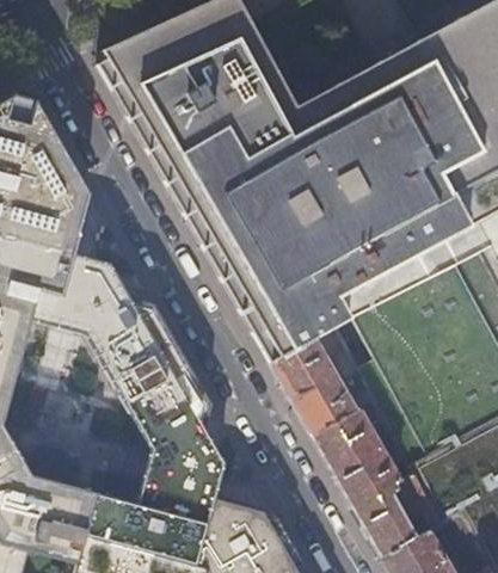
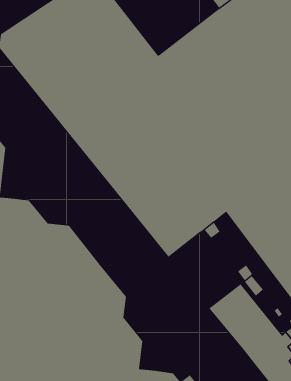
building: [277,341,363,438] -> none

